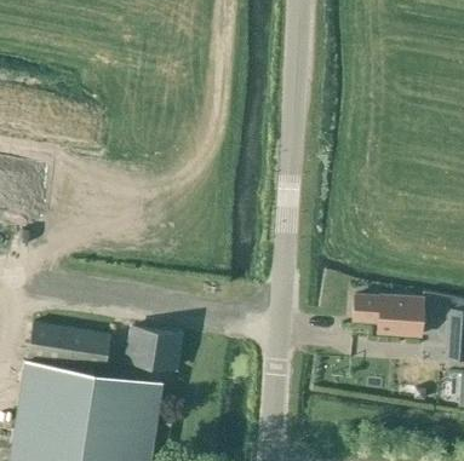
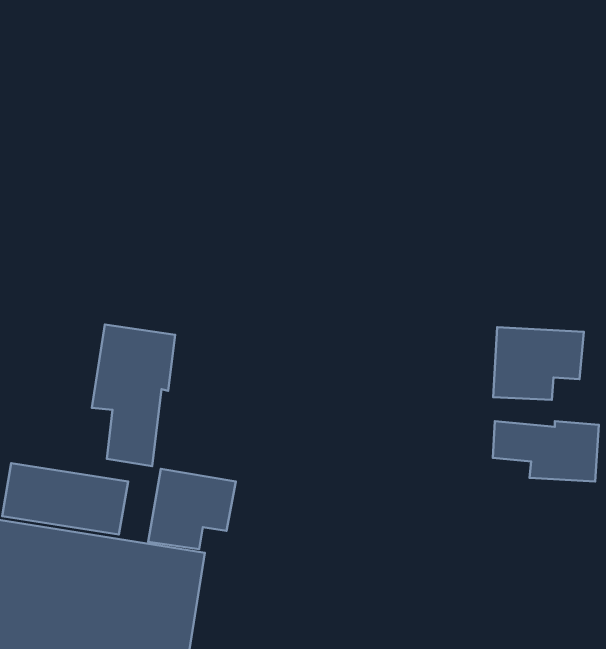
building: none -> [92,324,175,466]
building: none -> [493,327,584,400]

